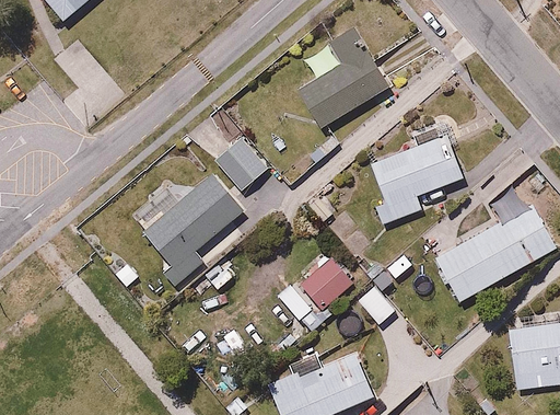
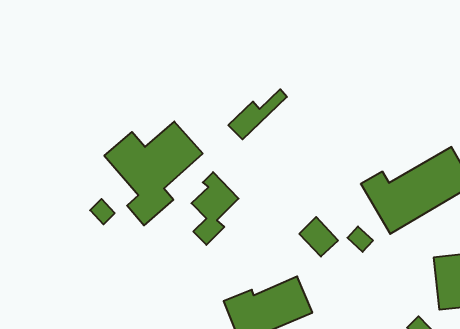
building: [299,43,389,127] -> none
building: [372,124,465,229] -> none
building: [215,142,268,195] -> none
building: [301,251,355,335] -> [191,172,239,245]

